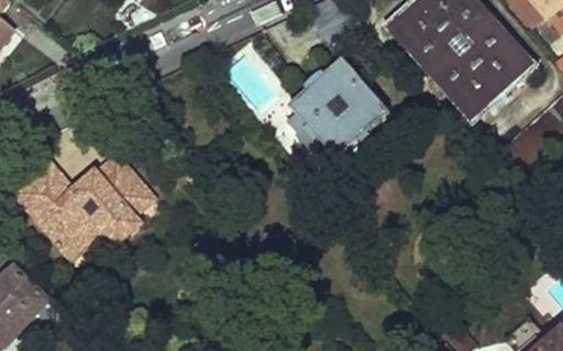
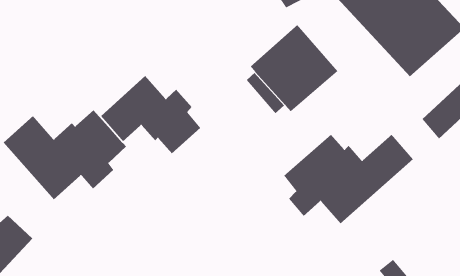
building: none -> [100,75,201,154]
building: none -> [283,134,414,224]

